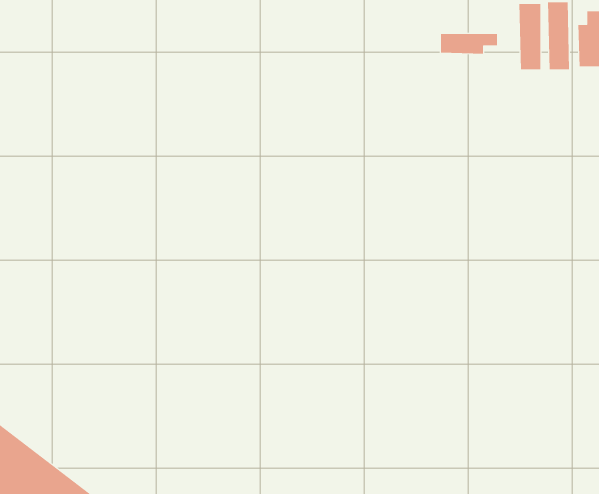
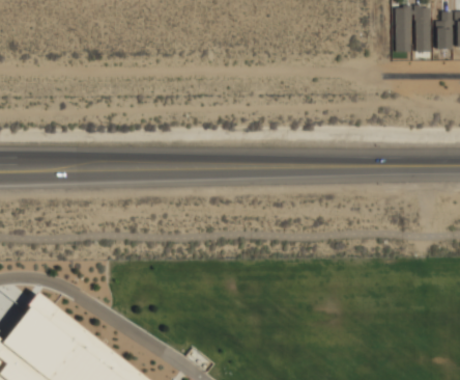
building: [440,33,497,55] -> none

